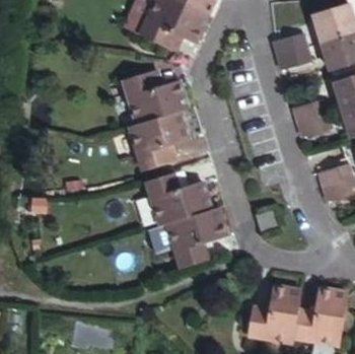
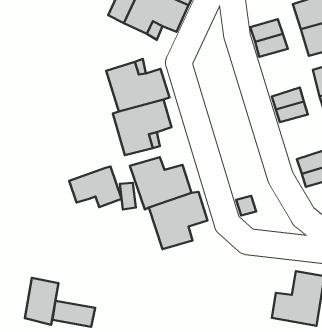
building: none -> [69,166,122,207]
building: [248,286,301,343] -> none
building: none -> [25,278,58,325]

